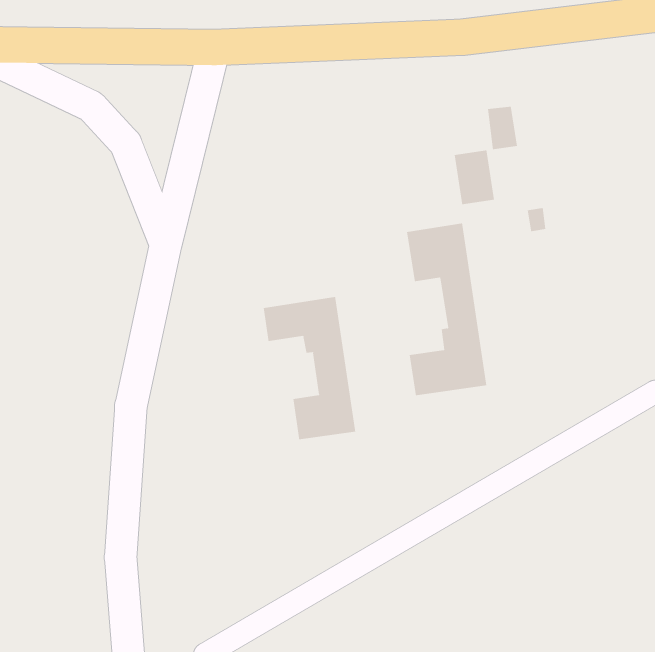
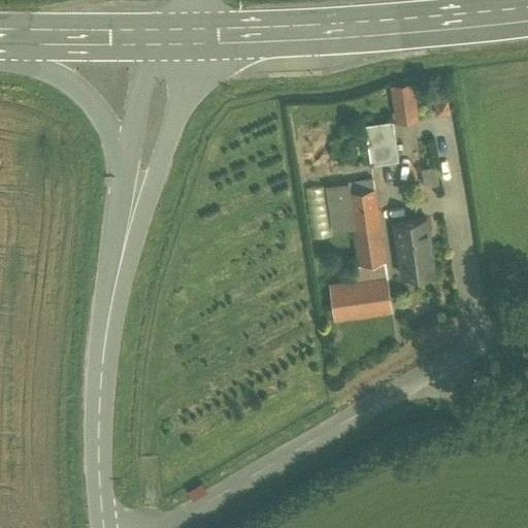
building: none -> [395,220,434,279]
building: [263,296,356,440] -> none

